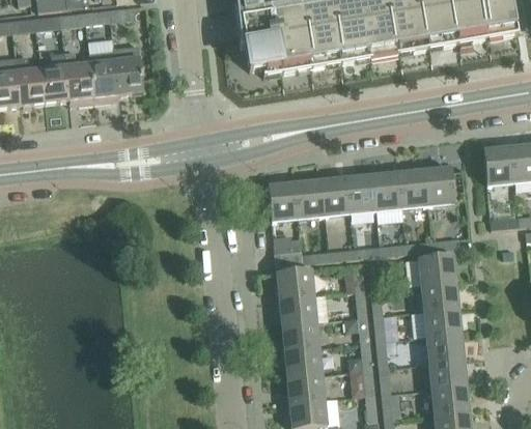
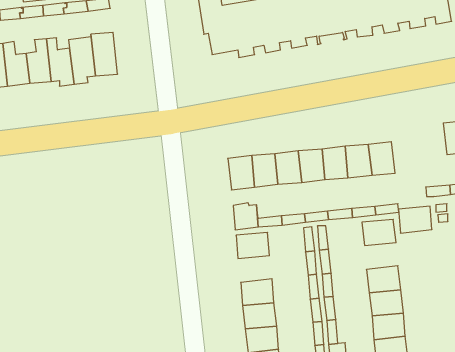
building: [483,146,513,184] -> none
building: [421,280,458,310] -> [399,206,432,233]
building: [279,294,317,324] -> none

